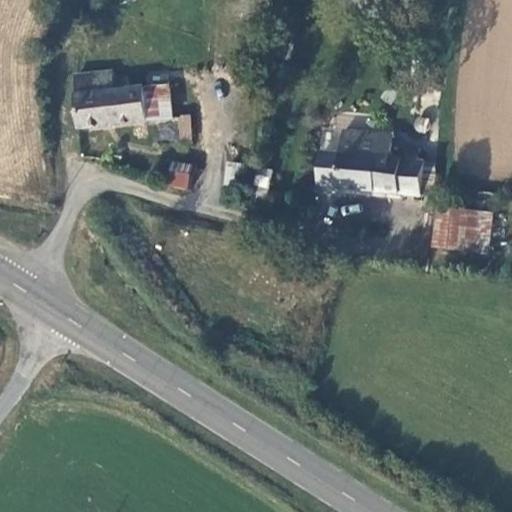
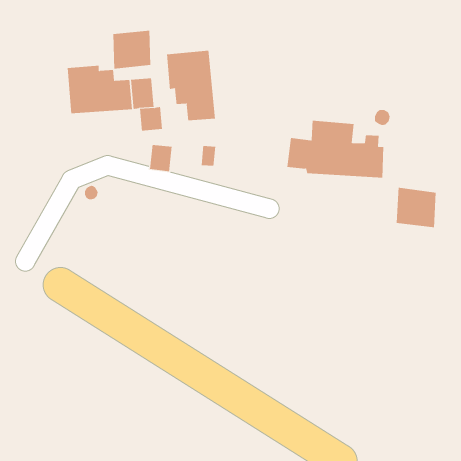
building: none -> [113,30,151,70]
building: none -> [166,50,215,121]

